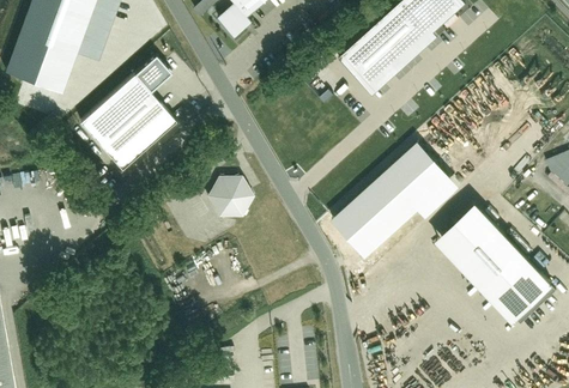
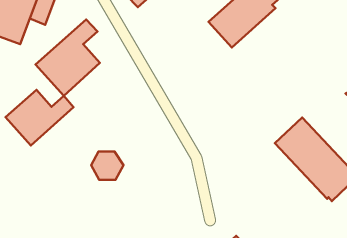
building: [329,144,449,257] -> none
building: none -> [6,90,73,146]
building: [208,177,256,219] -> [91,152,123,180]

